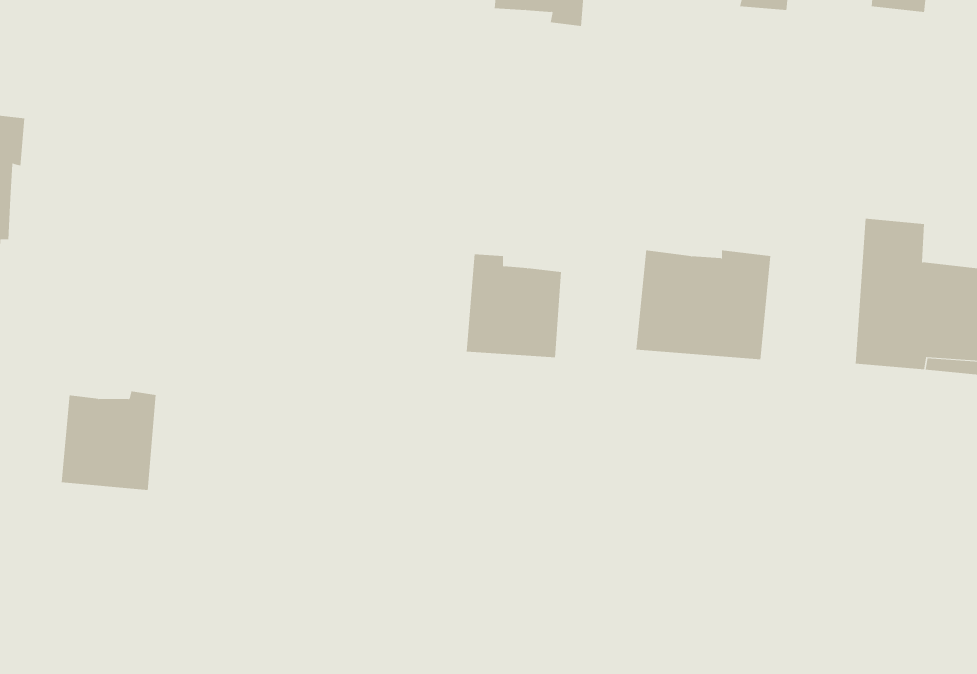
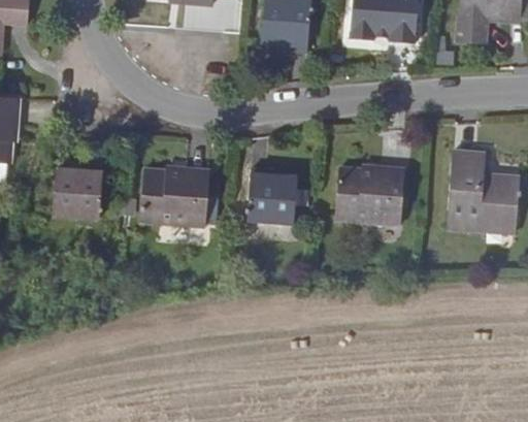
building: none -> [141,168,209,226]
building: [61,391,157,490] -> [54,166,103,218]

